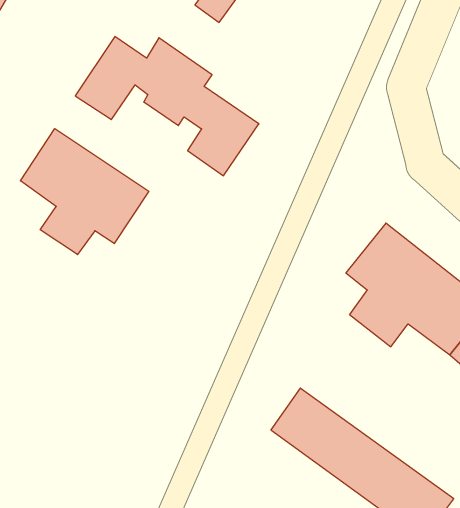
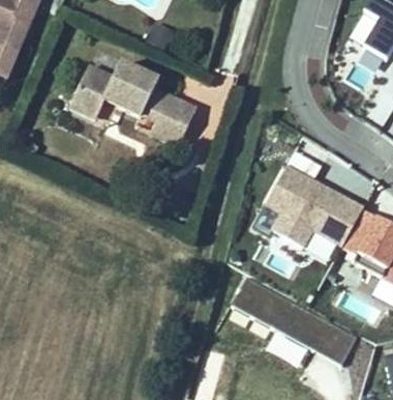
building: [20,129,149,255] -> none

